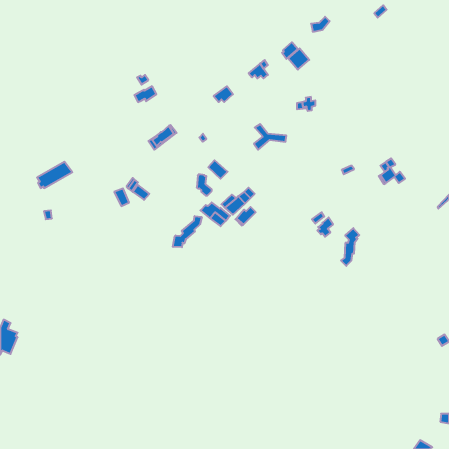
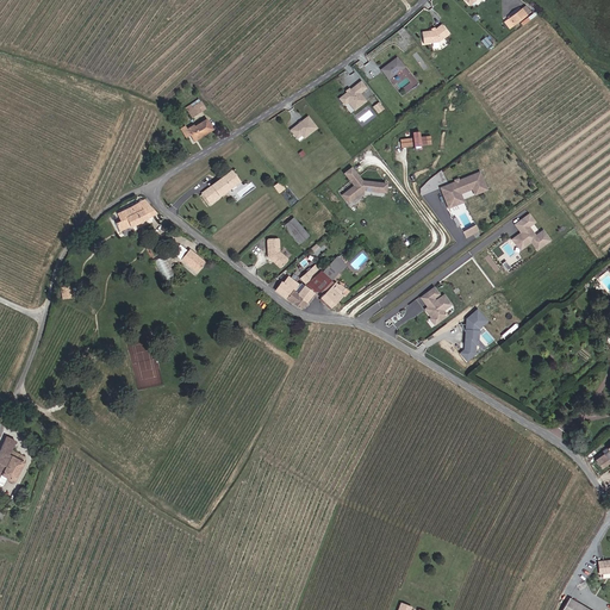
building: none -> [443,172,488,206]
building: [37,162,72,188] -> [108,198,156,234]
building: [173,216,202,247] -> none

